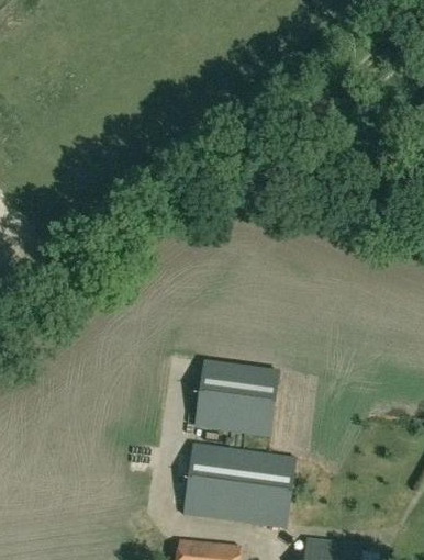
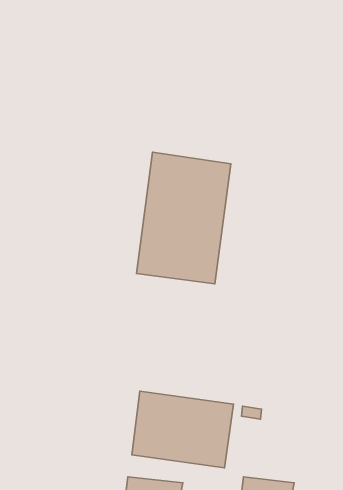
building: none -> [137,152,231,284]
building: [194,360,278,435] -> none

